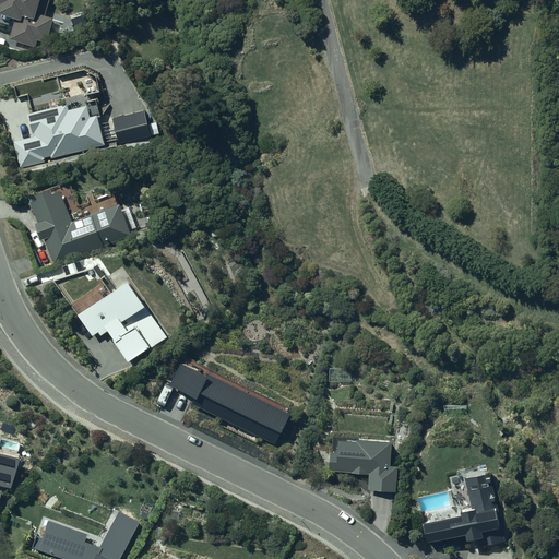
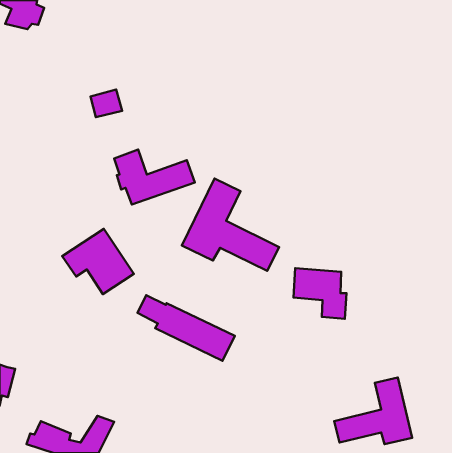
building: [10,96,106,165] -> none
building: [32,191,131,259] -> [114,150,195,205]
building: none -> [182,179,279,271]
building: [329,429,394,491] -> [293,268,347,319]

